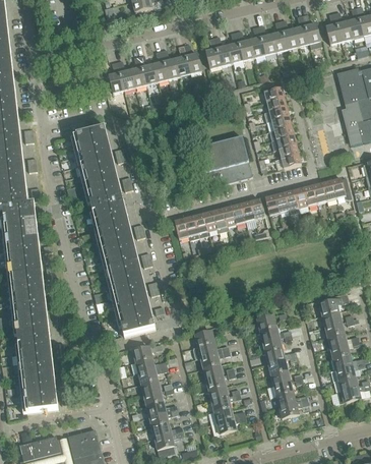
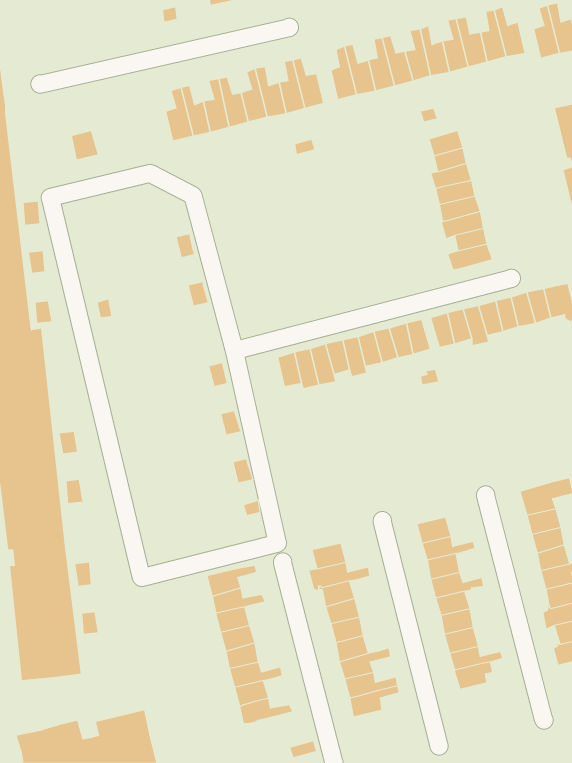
building: [70,128,154,337] -> none
building: [198,136,252,188] -> none
building: [153,430,184,456] -> none

